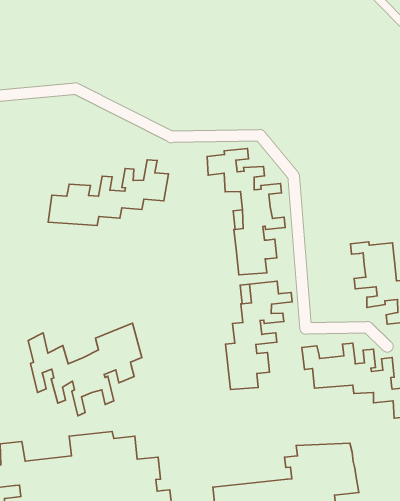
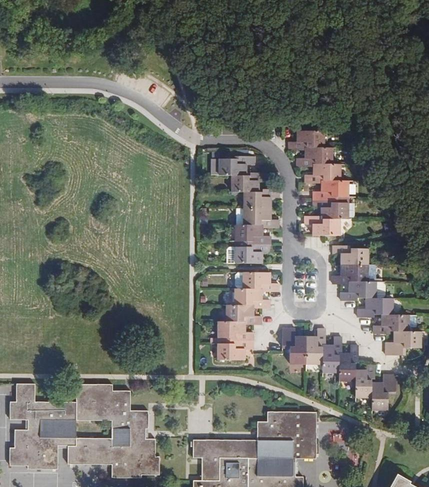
building: none -> [289,130,350,236]
building: [48,160,169,226] -> none
building: [28,323,142,416] -> none

